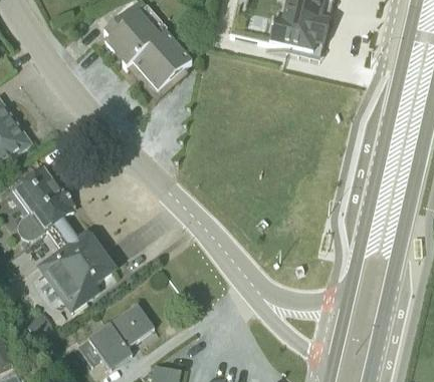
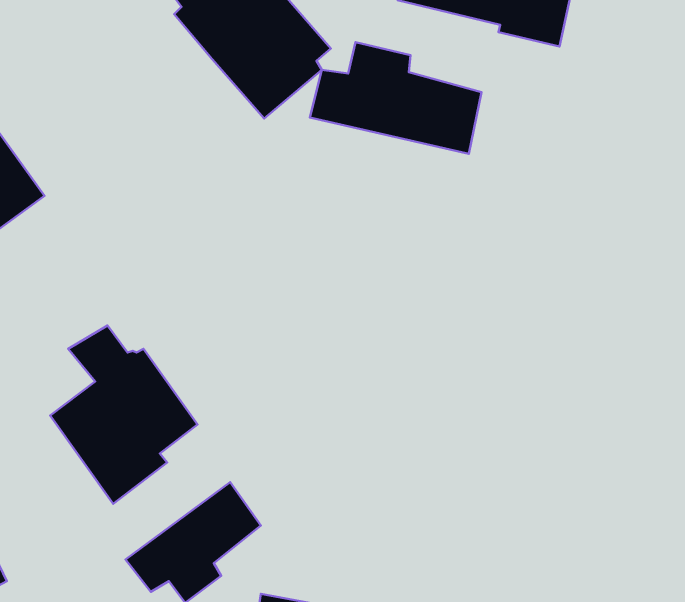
building: none -> [310,42,482,154]
building: [12,164,75,238] -> none

